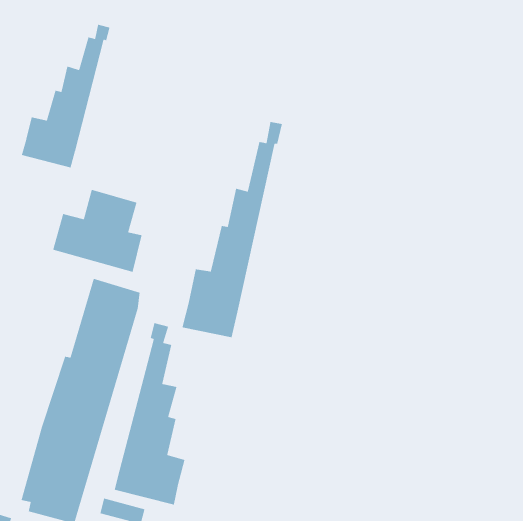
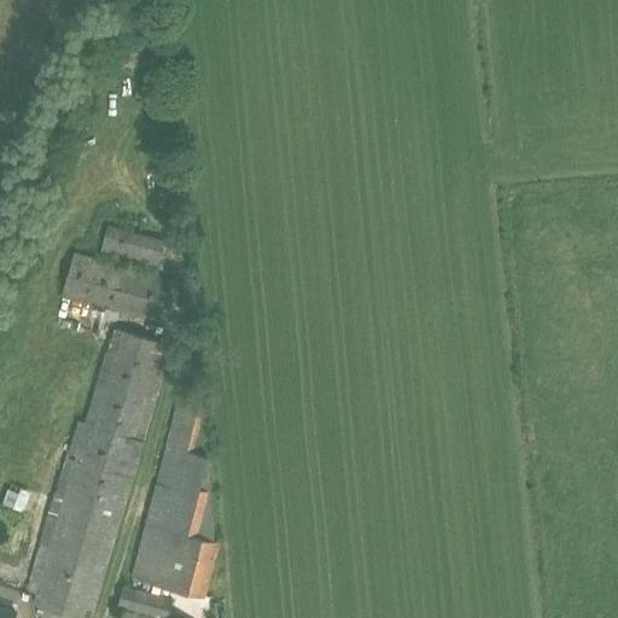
building: [21,24,110,169] -> none
building: [182,121,283,338] -> none

